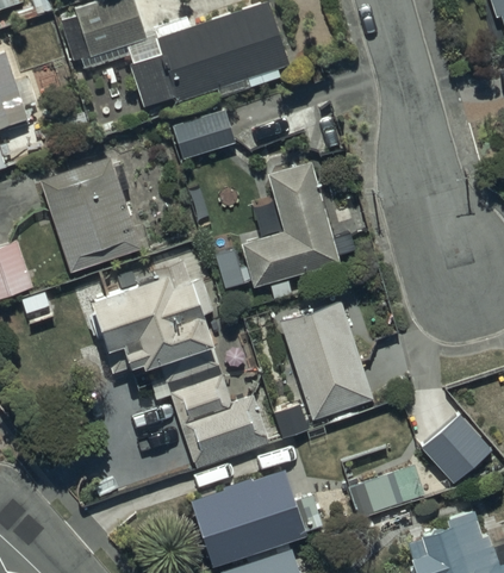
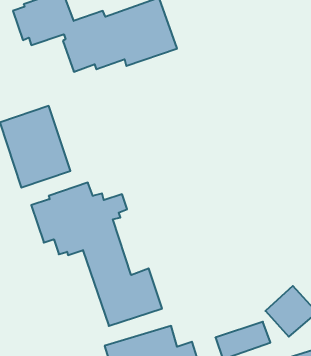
building: [172,108,236,161] -> none
building: [216,162,356,300] -> none
building: [276,299,374,422] -> none

